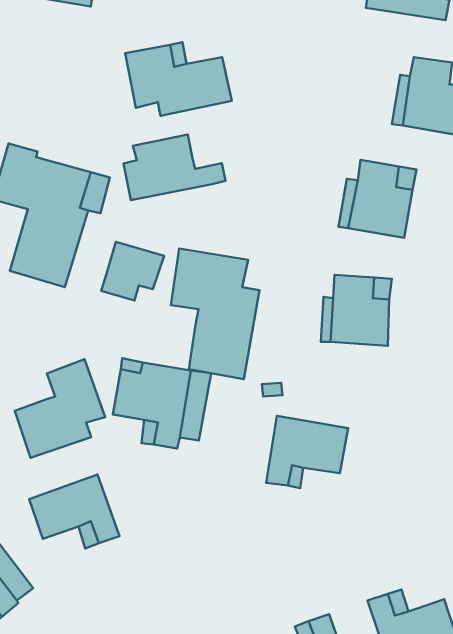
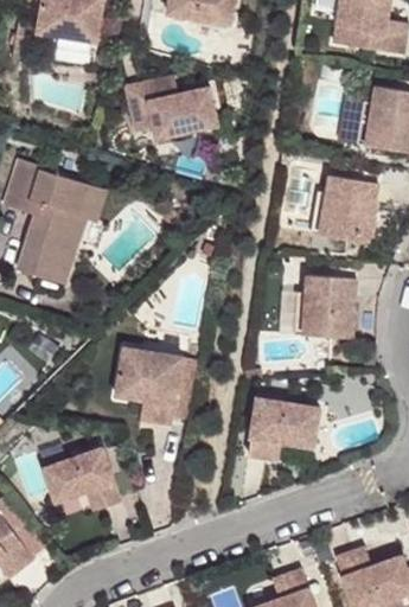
building: [123,134,225,200] -> none
building: [101,242,164,300] -> none
building: [171,249,259,379] -> none
building: [15,359,105,458] -> none

